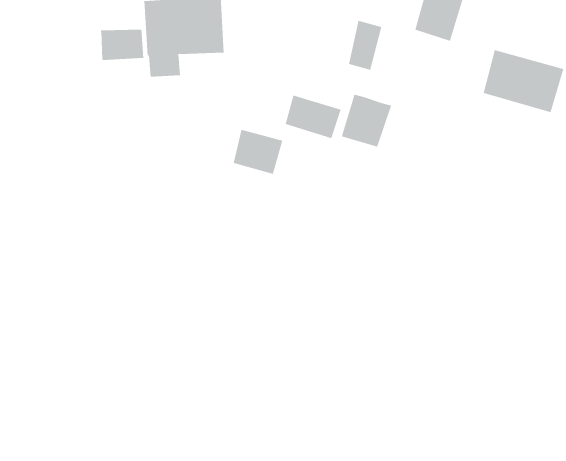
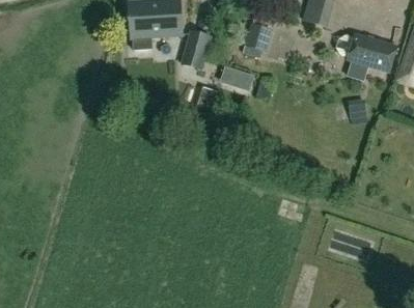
building: [100,29,144,61] -> none
building: none -> [180,30,212,71]
building: [341,94,392,148] -> none

